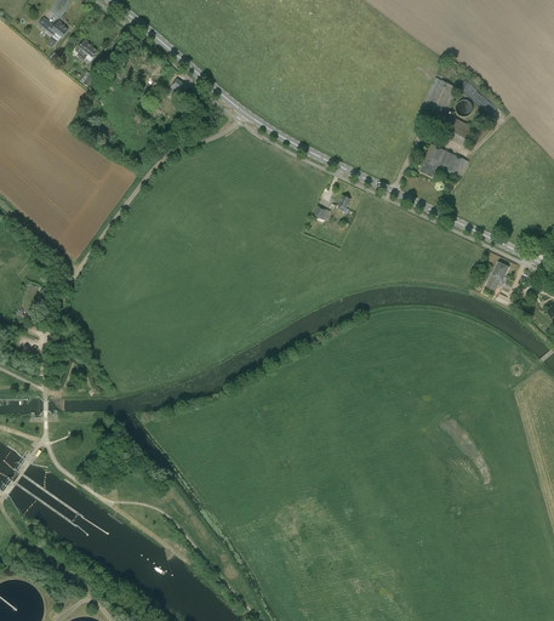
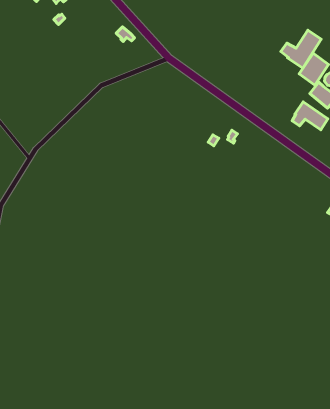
building: none -> [281,30,321,68]

